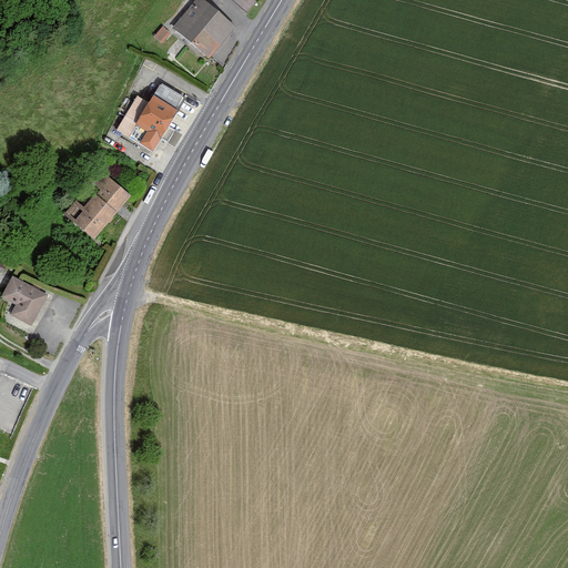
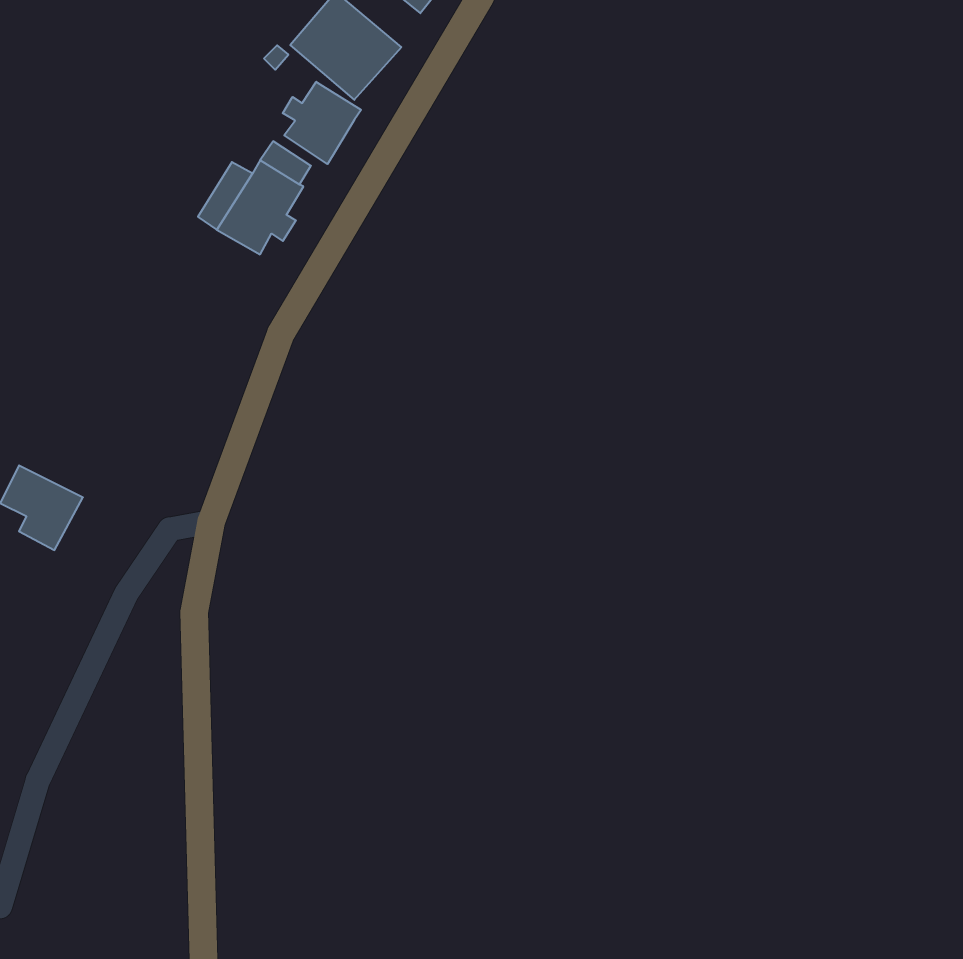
building: none -> [283,82,361,164]
building: [64,170,130,237] -> none

